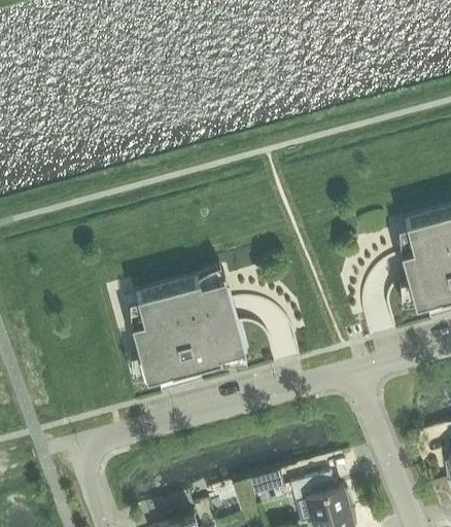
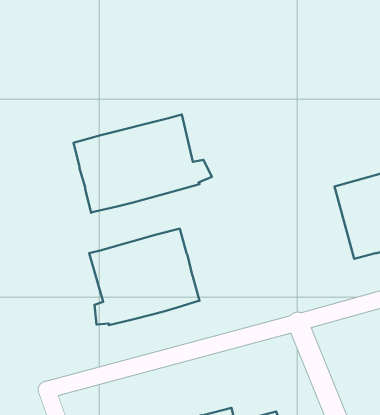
building: none -> [73,114,212,213]

